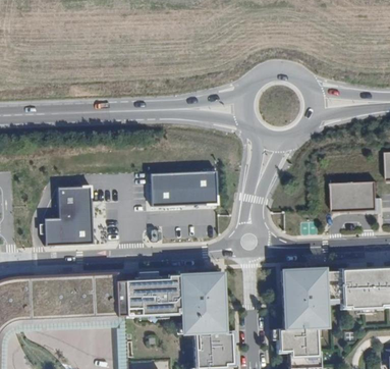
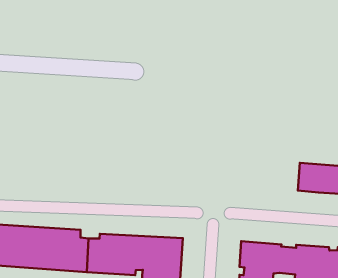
building: [151,170,217,206] -> none
building: [45,186,94,246] -> none

